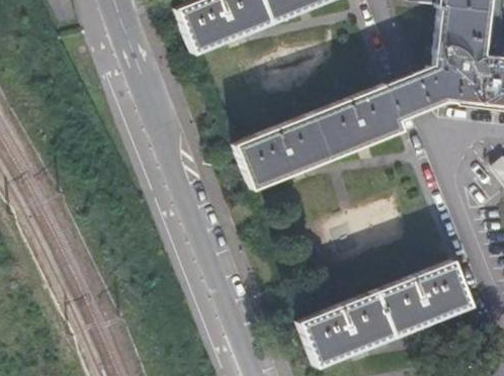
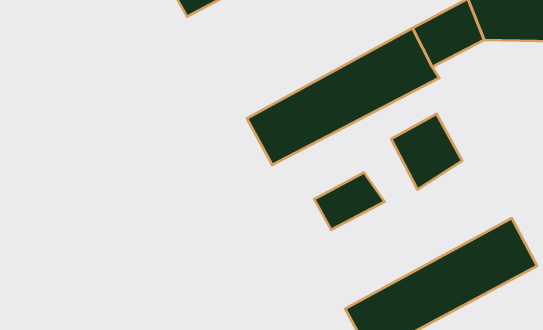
building: none -> [391,114,462,190]
building: none -> [314,173,385,230]

